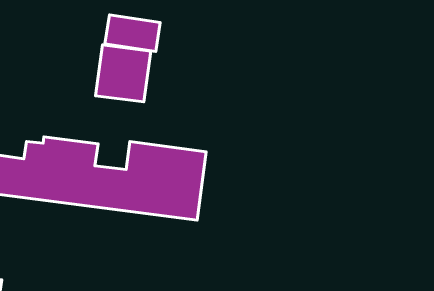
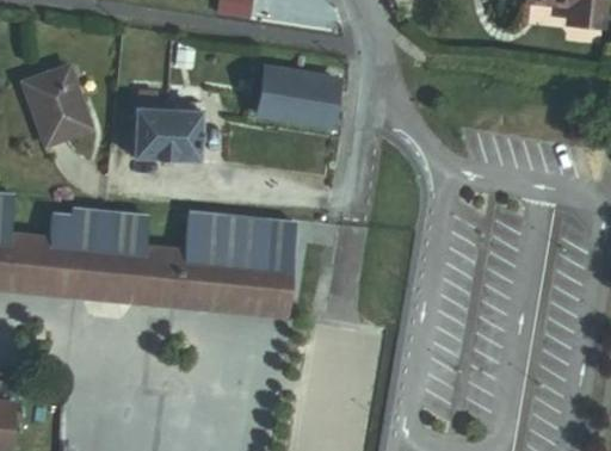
building: [105,15,160,52] -> [257,74,332,124]
building: none -> [26,74,94,152]

